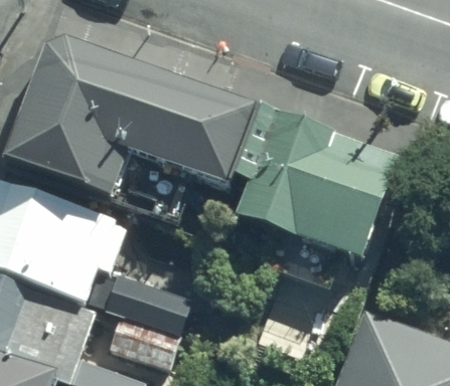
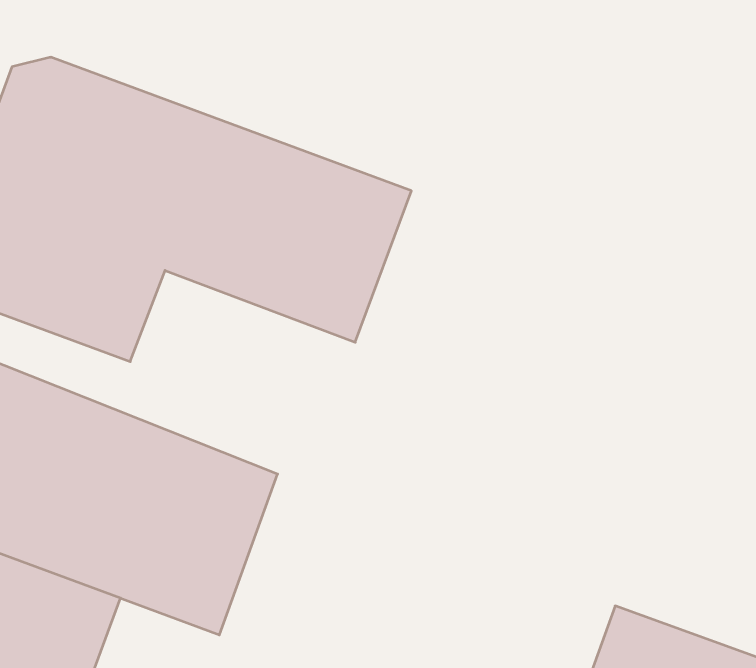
building: [250,111,365,252] -> none

